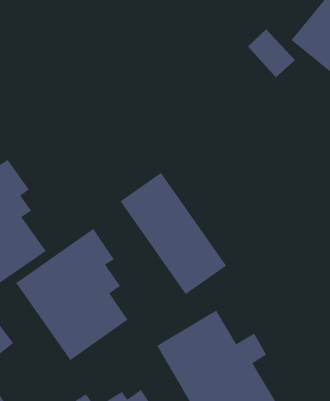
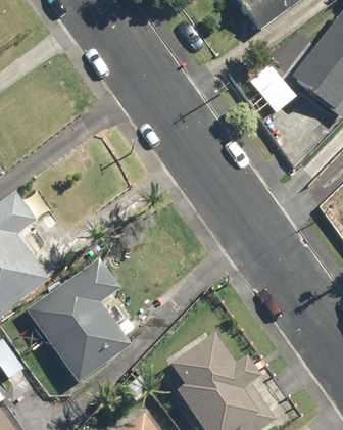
building: [119,172,227,295] -> none

